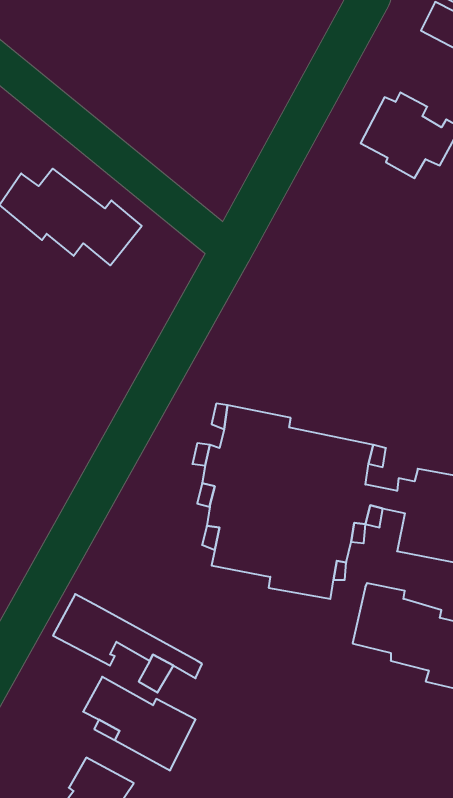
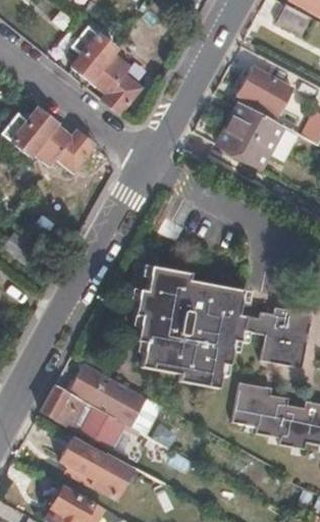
building: none -> [73,27,144,116]
building: none -> [215,101,282,167]
building: none -> [68,363,147,427]

